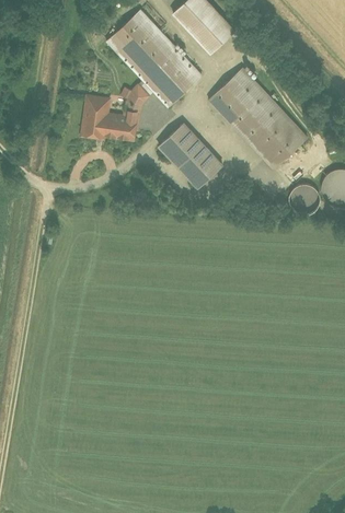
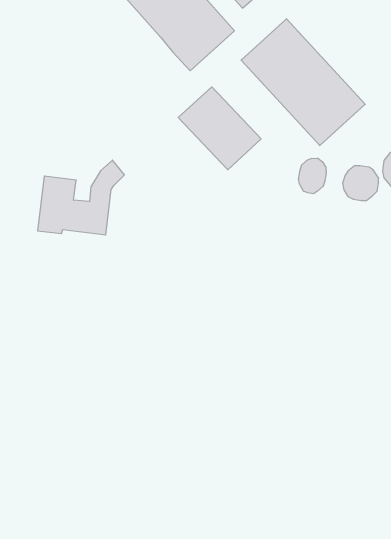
building: [80,81,151,142] -> [38,160,124,235]
building: none -> [299,158,326,194]

